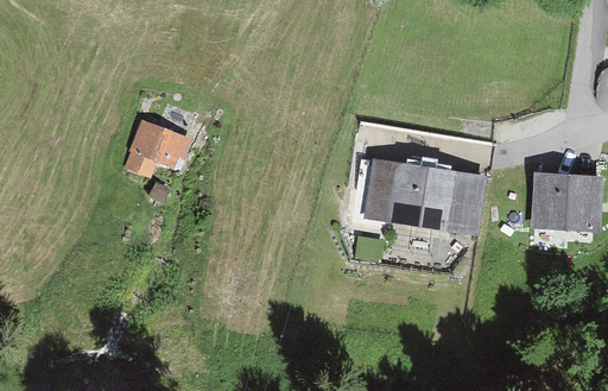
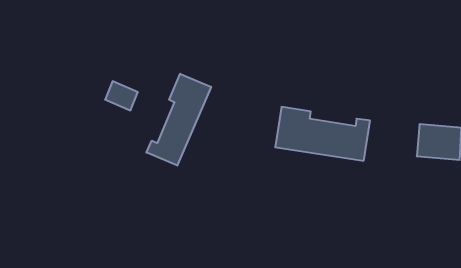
building: none -> [146,74,211,166]

